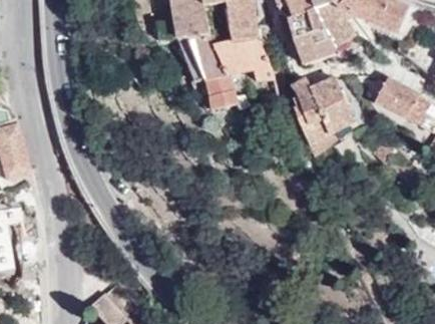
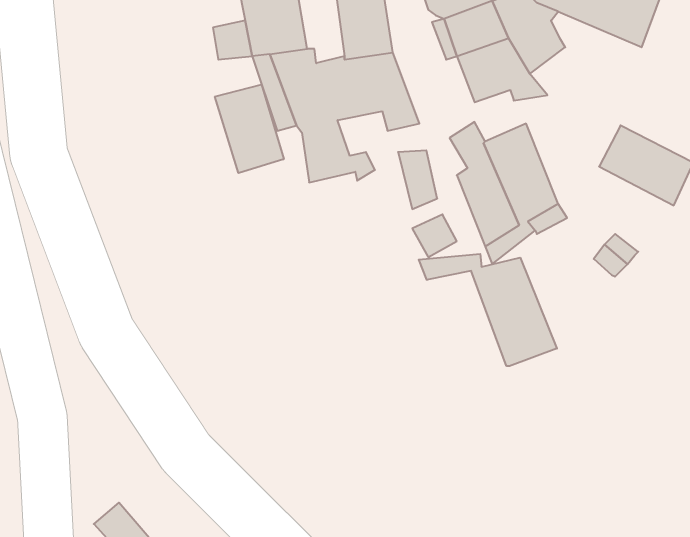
building: none -> [215,85,284,173]
building: none -> [419,254,557,366]

